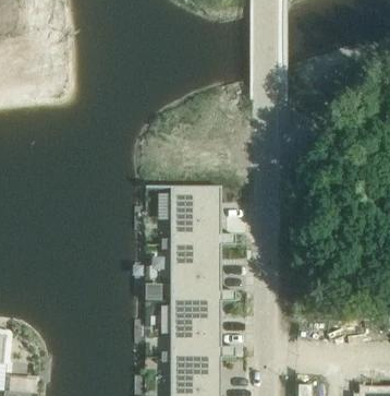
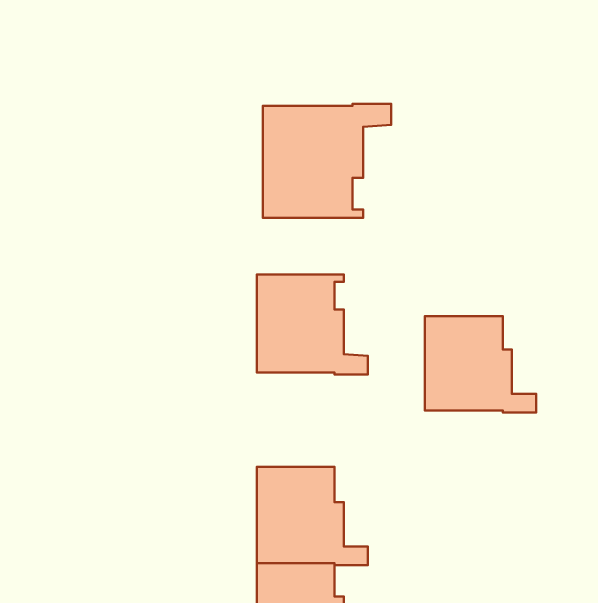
building: none -> [263,104,391,218]
building: [170,243,235,300] -> [425,316,536,412]

